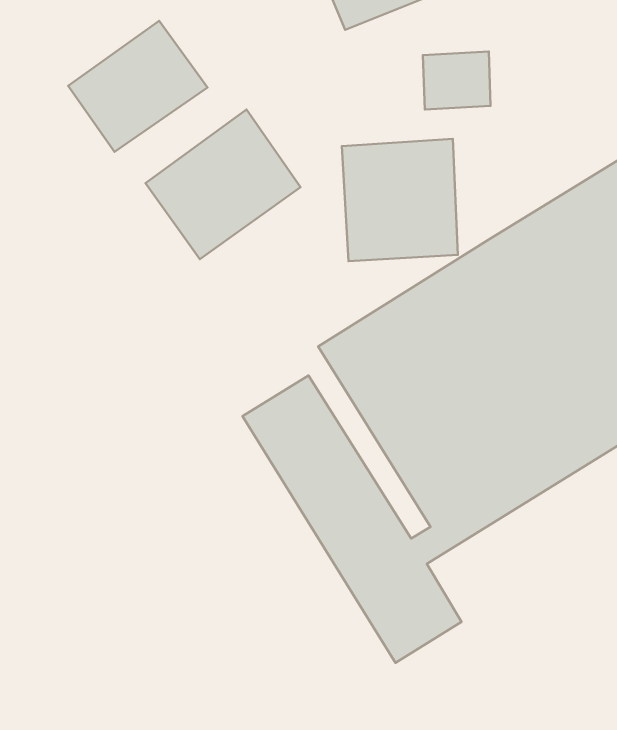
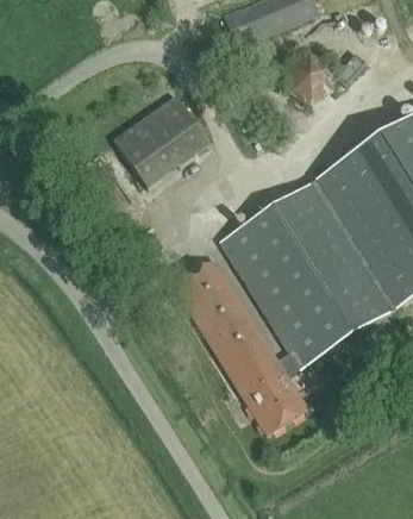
building: [68,21,207,152] -> none
building: [342,139,458,261] -> none

